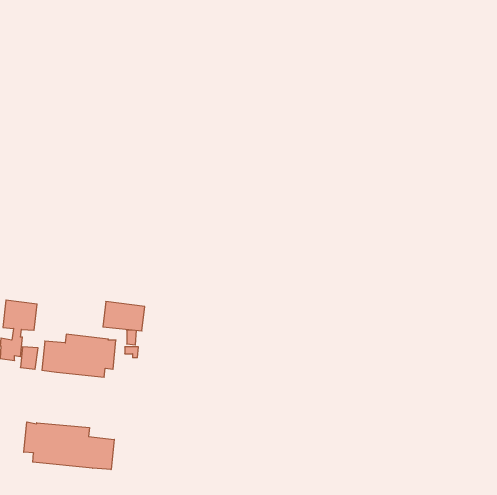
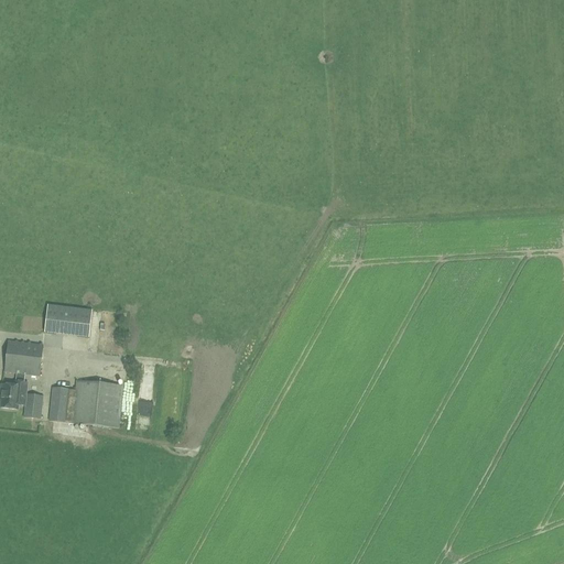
building: [103,302,145,331] -> [44,303,91,336]
building: [24,422,114,470] -> none

